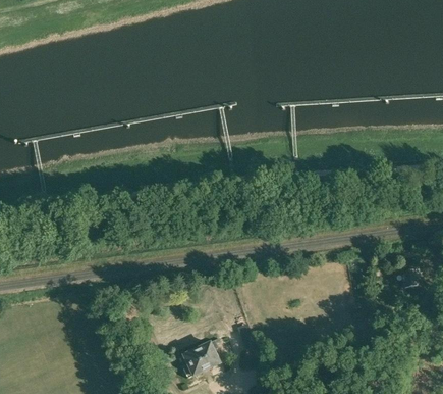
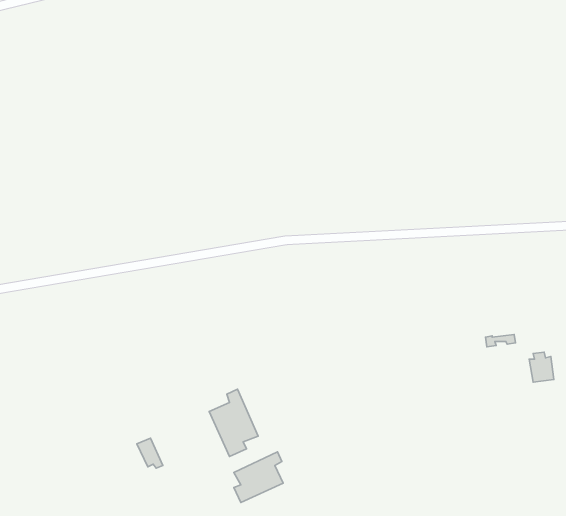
building: none -> [209,389,258,456]

